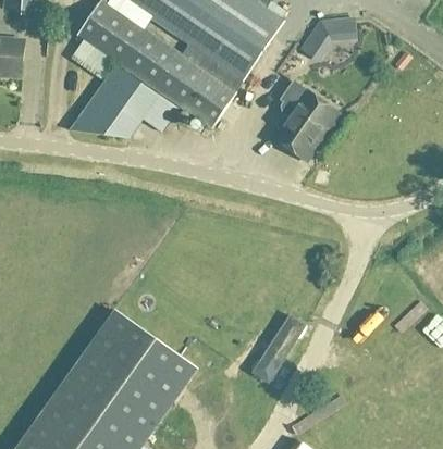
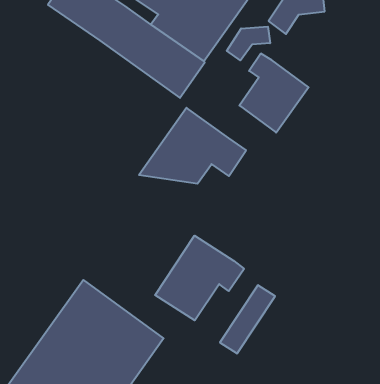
building: none -> [227,27,270,60]
building: [71,63,179,139] -> [139,108,246,184]
building: none -> [155,236,244,320]

